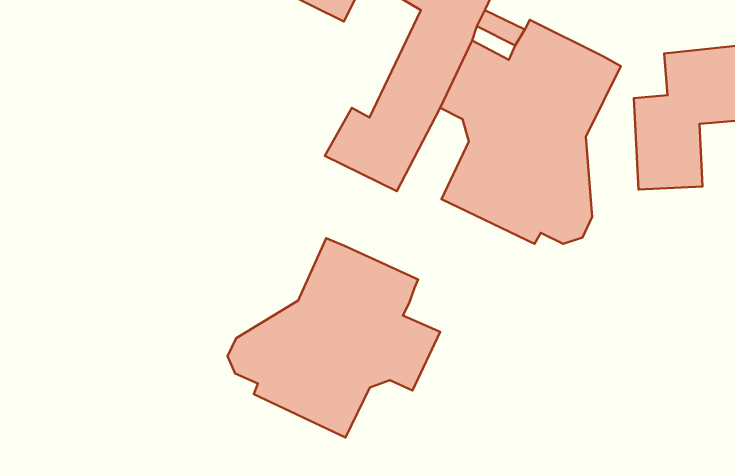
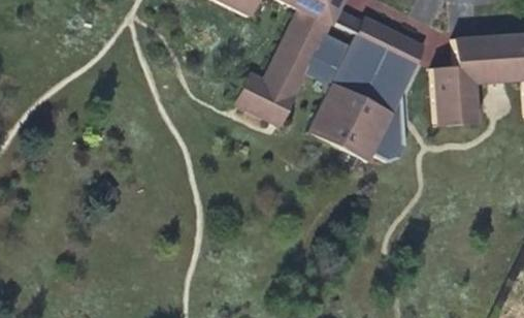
building: [227,238,440,437] -> none

